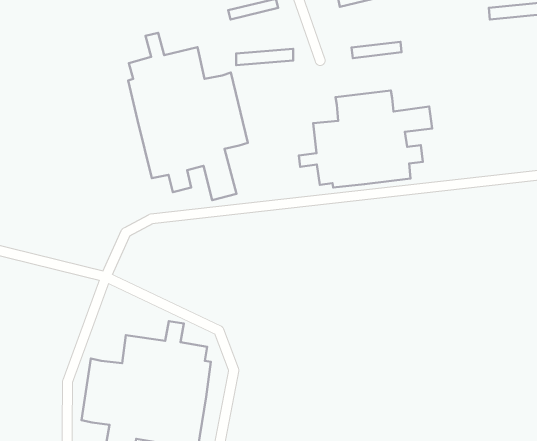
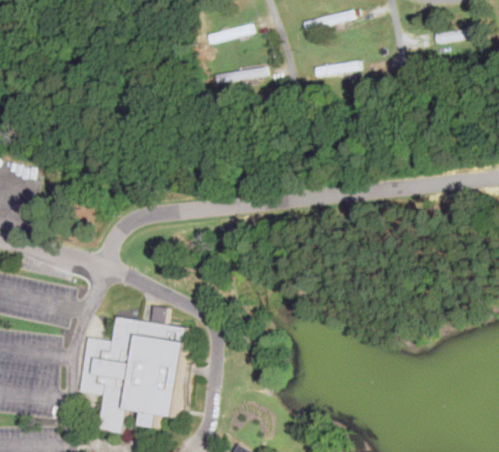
building: [128,33,248,200] -> none
building: [299,90,432,187] -> none

